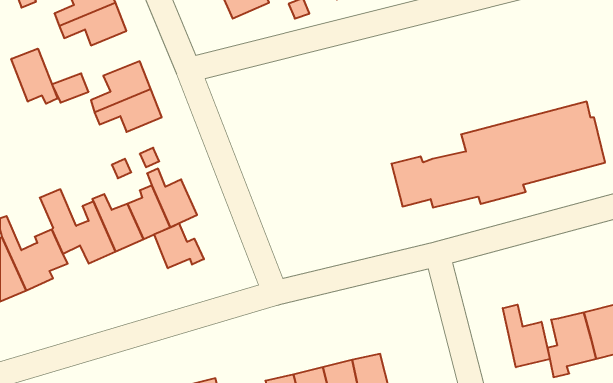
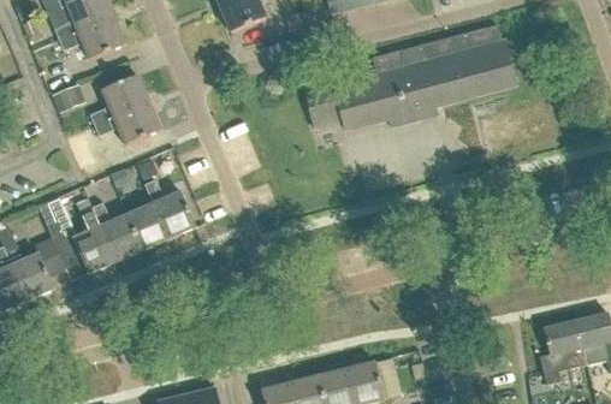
building: [11,49,58,104] -> none
building: [391,102,605,208] -> [304,24,515,129]
building: [154,223,204,268] -> none
building: [503,305,550,367] -> none

